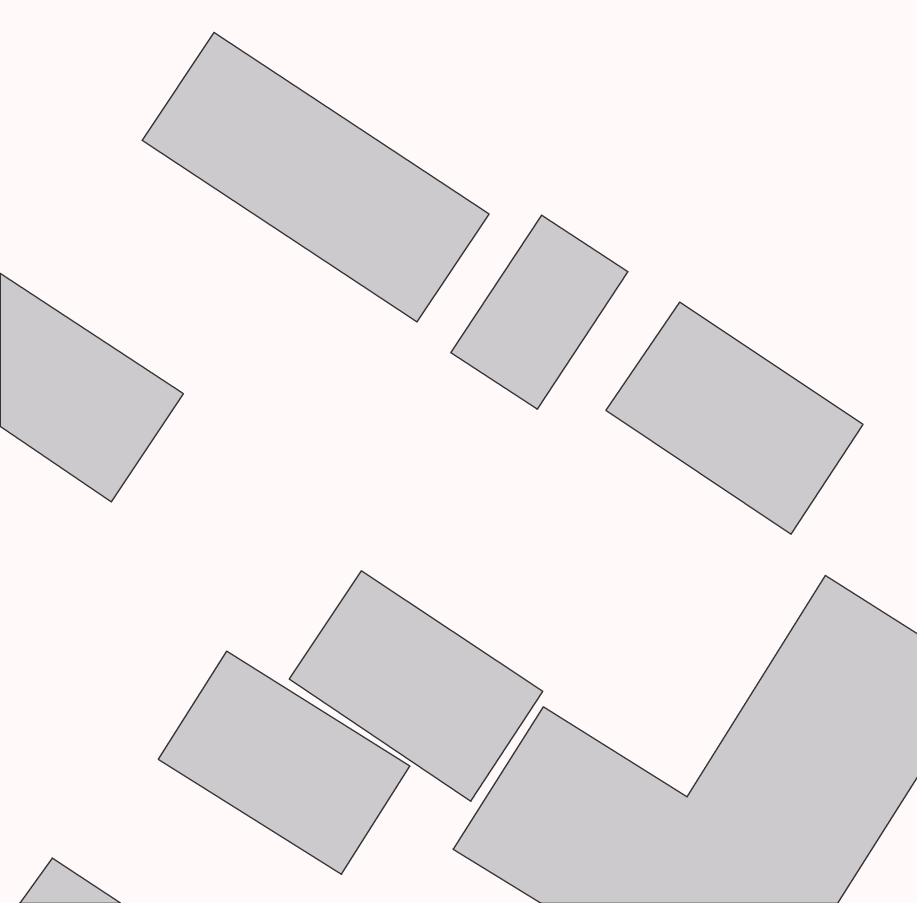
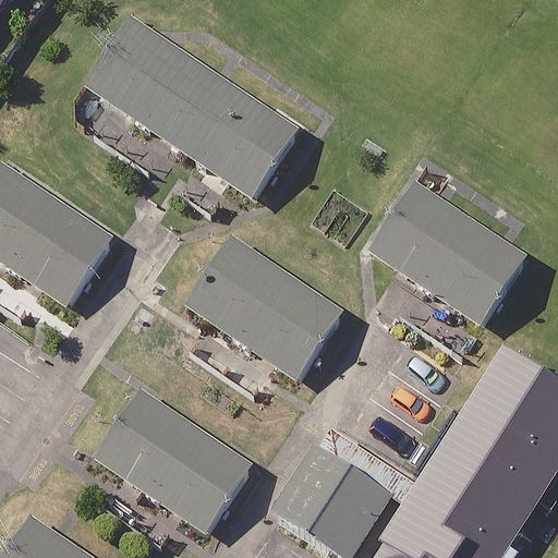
building: [451,215,628,409] -> none
building: [289,571,543,801] -> [187,239,341,378]

